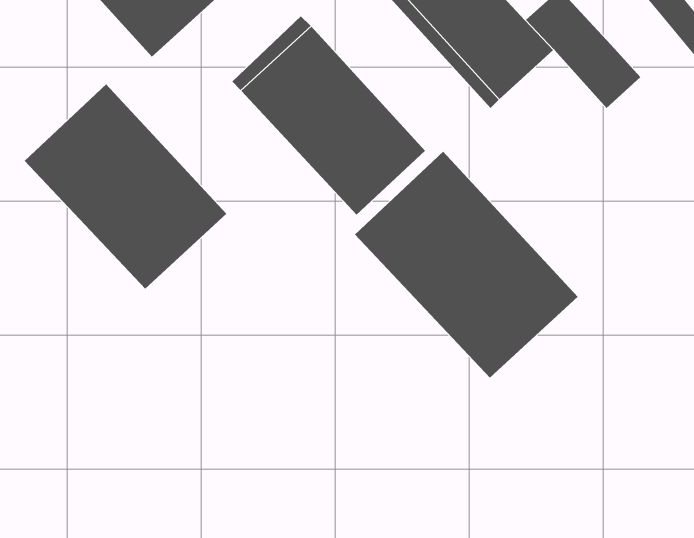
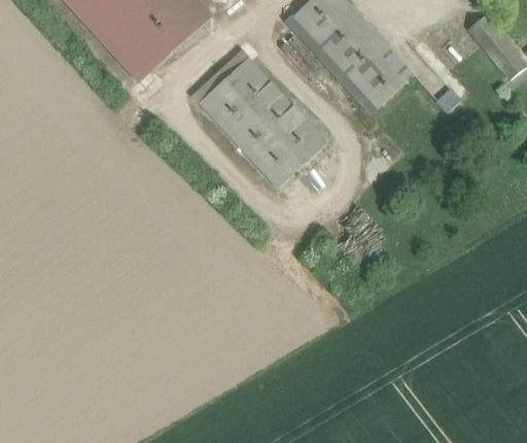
building: [24,84,227,290] -> none
building: [354,151,579,378] -> none

